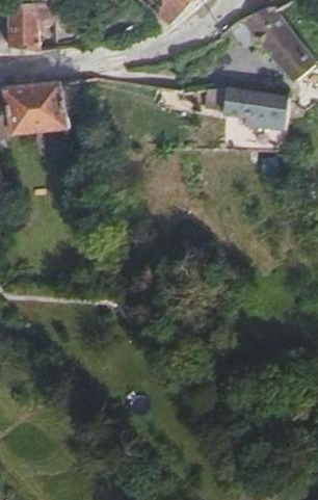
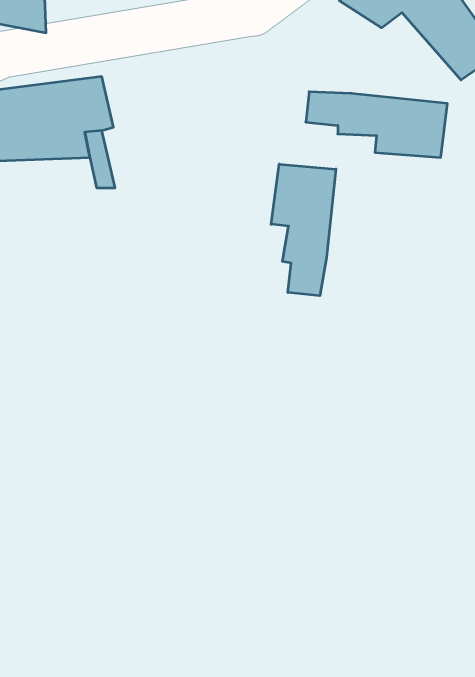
building: none -> [271,164,336,296]

